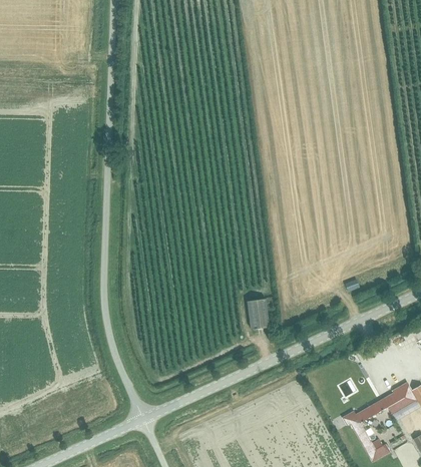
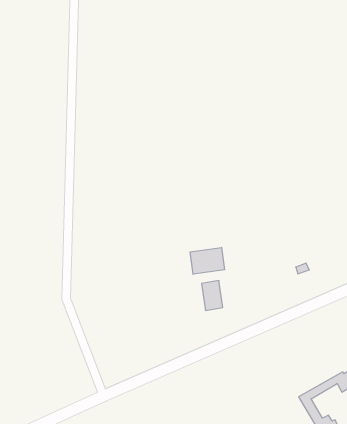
building: none -> [190,247,224,274]

